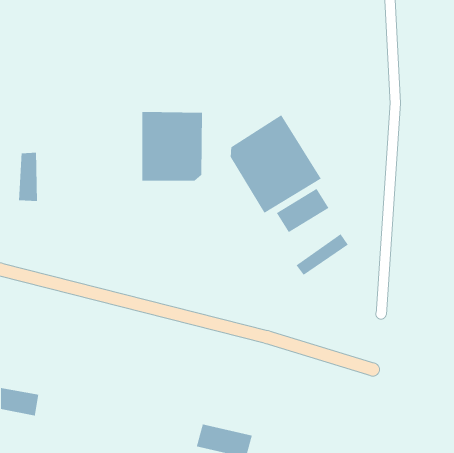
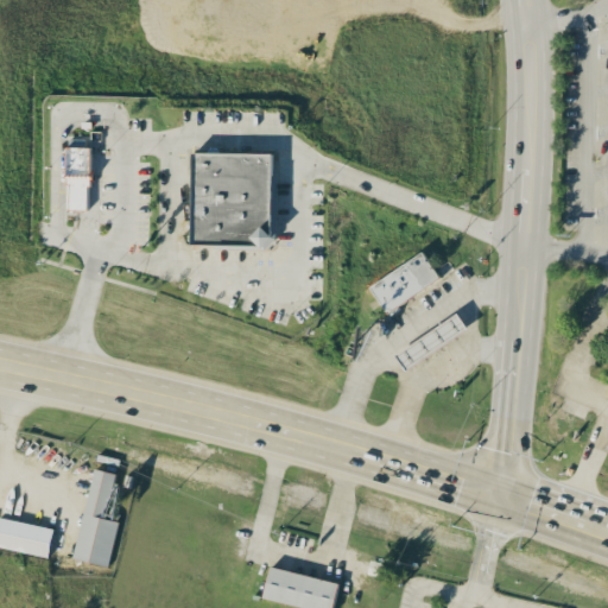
building: [230,114,322,214] -> none
building: [18,152,38,202] -> [65,146,91,213]
building: none -> [74,469,119,568]

